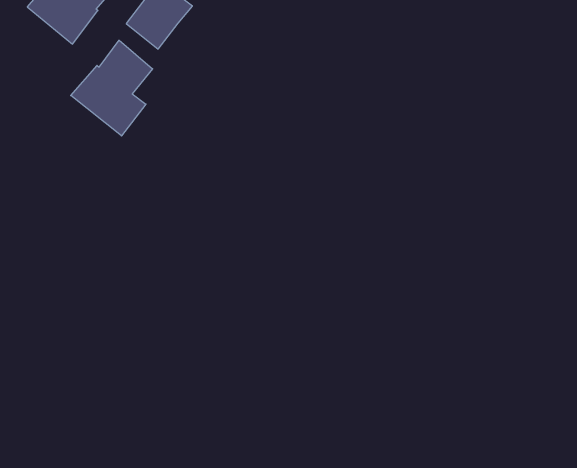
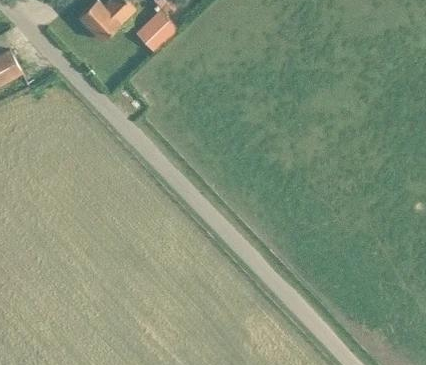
building: [71,40,153,136] -> none

